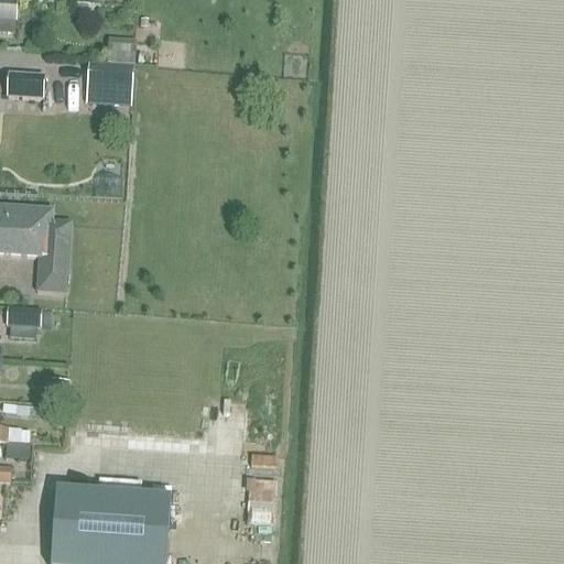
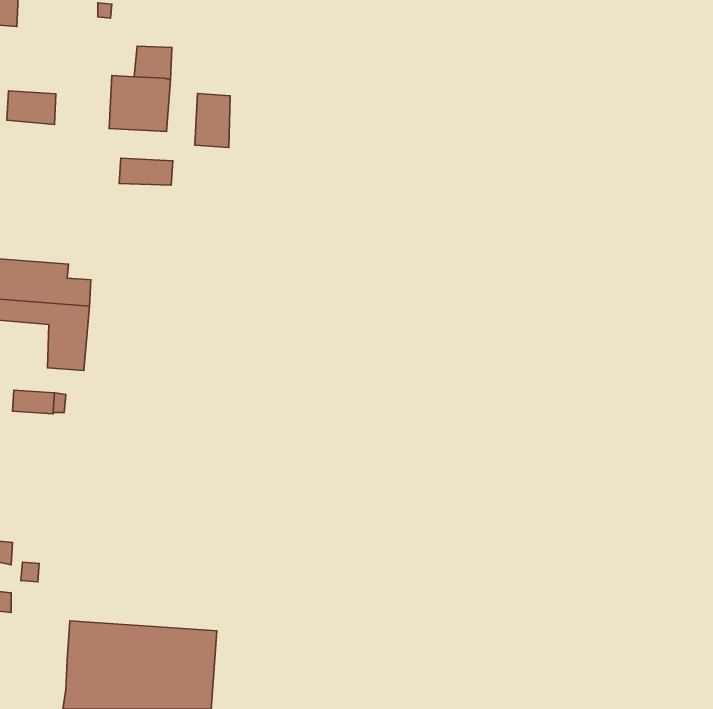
building: none -> [195,94,230,148]
building: none -> [119,158,173,185]

